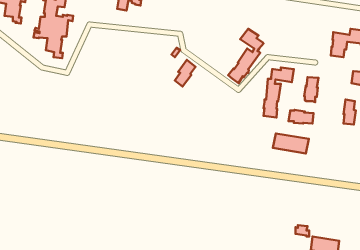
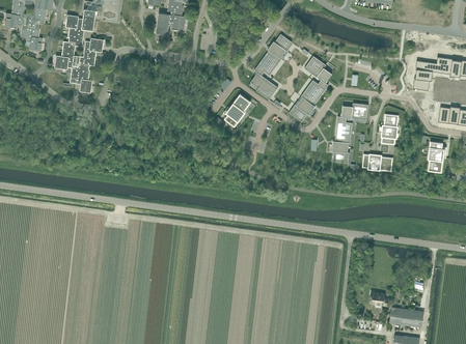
building: none -> [250,34,294,101]
building: [273,133,309,153] -> none

